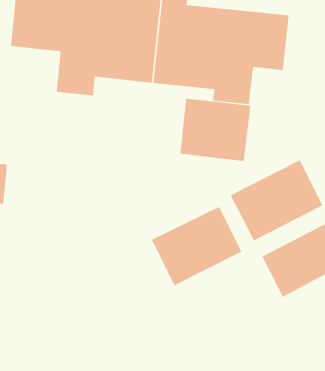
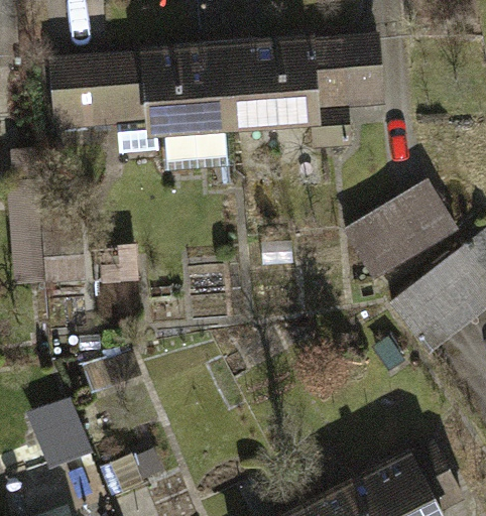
building: [180,98,251,162] -> none
building: [151,206,242,286] -> none

